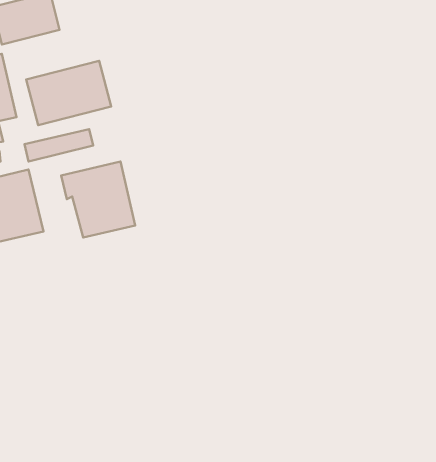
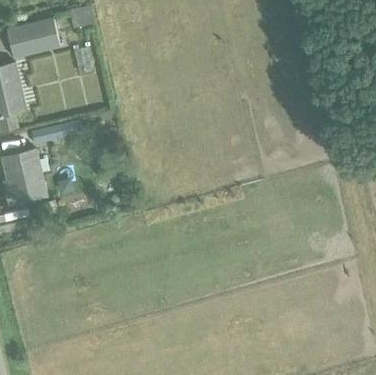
building: [26,61,111,125] -> none
building: [61,162,135,238] -> none

